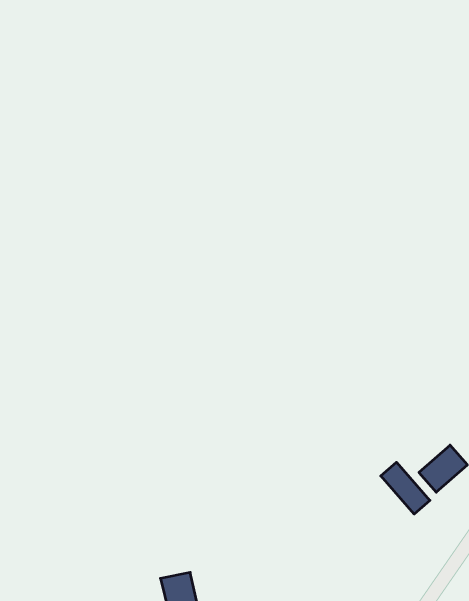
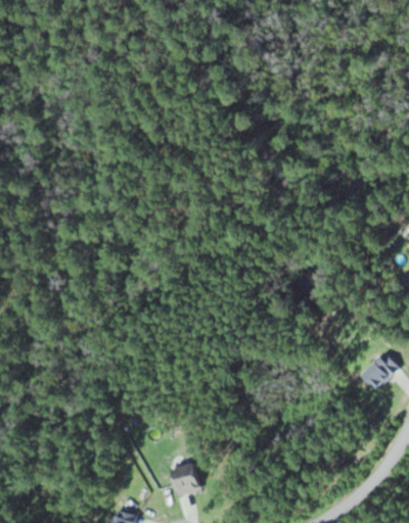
building: [381,462,430,514] -> none

